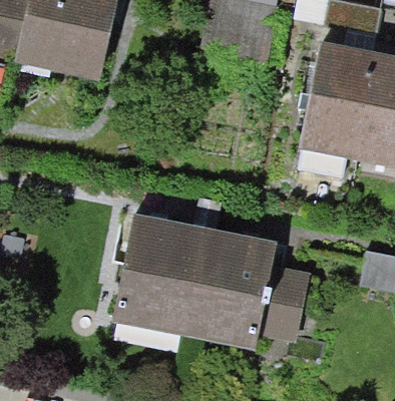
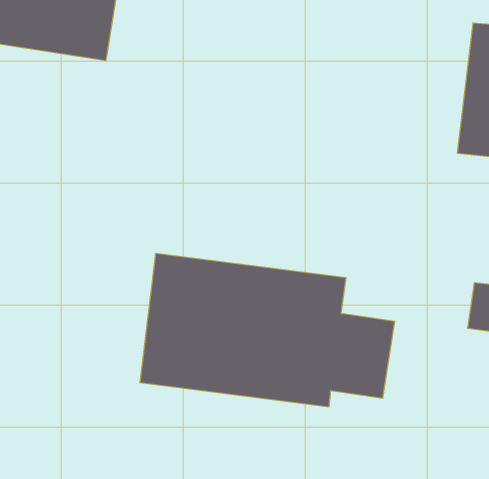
building: [304,47,377,152] -> none

